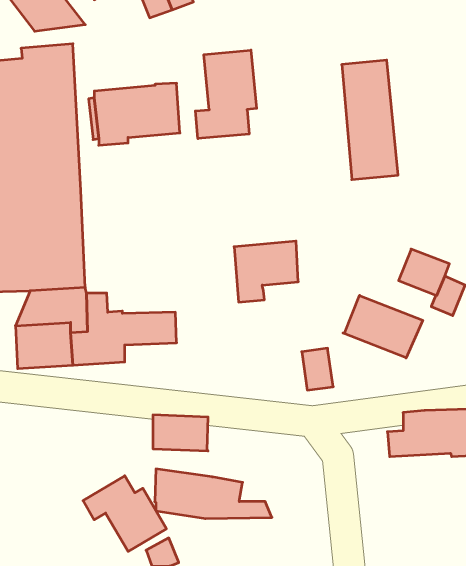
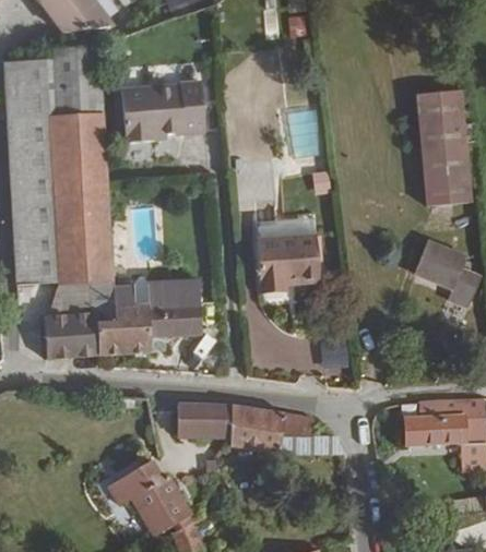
building: [195,50,257,139] -> none
building: [342,60,398,180] -> [416,89,471,205]
building: none -> [132,280,199,304]
building: [343,295,423,358] -> none
building: [155,469,272,519] -> [229,405,343,453]

